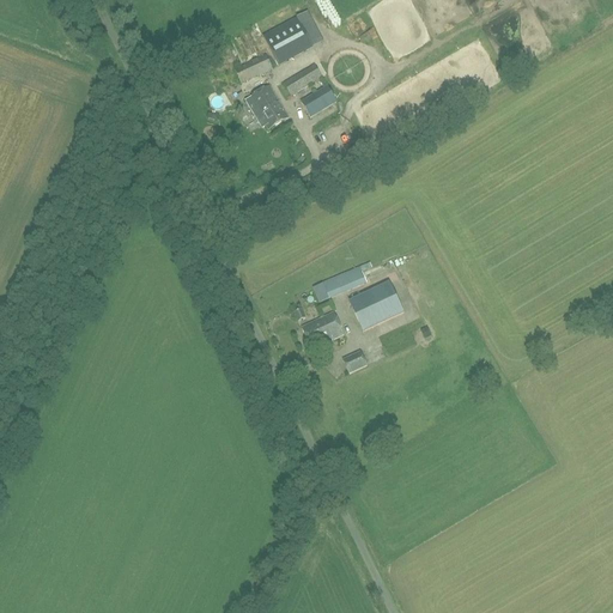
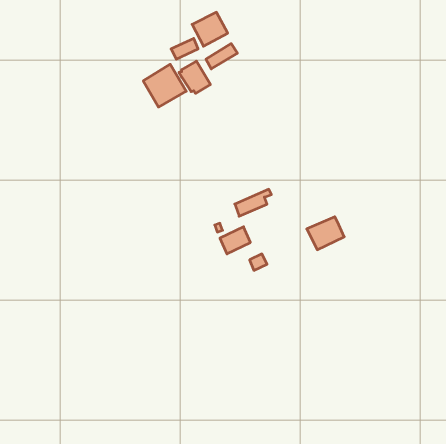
building: [302,85,336,115] -> none
building: none -> [143,64,186,107]
building: [348,283,400,328] -> [307,217,344,250]

